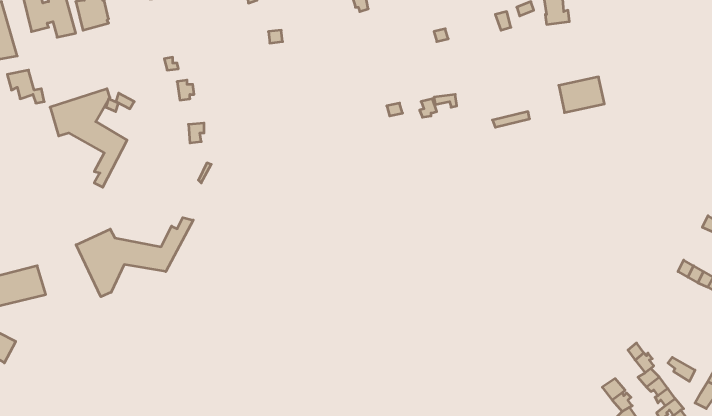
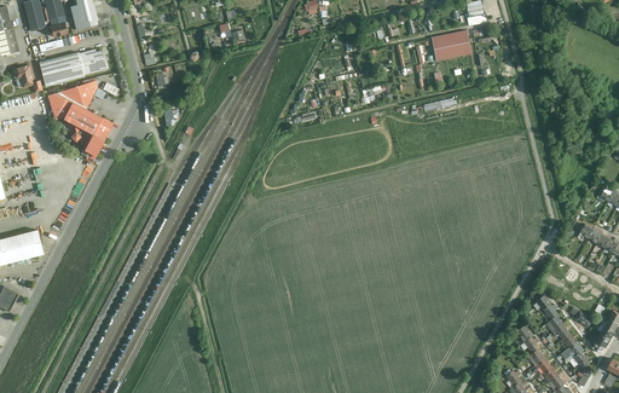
building: none -> [39,47,106,86]
building: [559,77,604,113] -> [432,29,470,59]
building: [76,218,193,297] -> none

